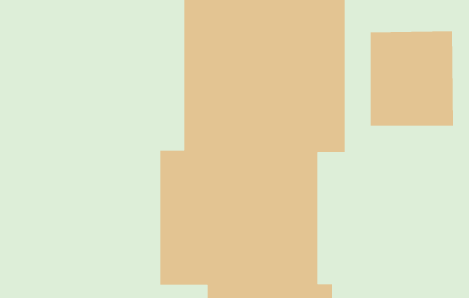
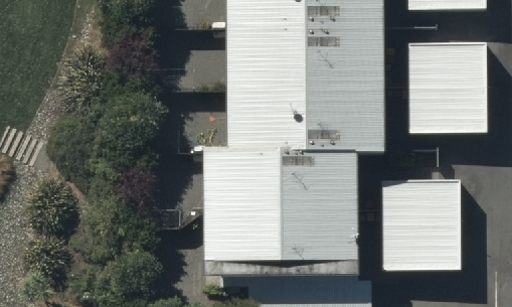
building: none -> [382,173,462,268]

